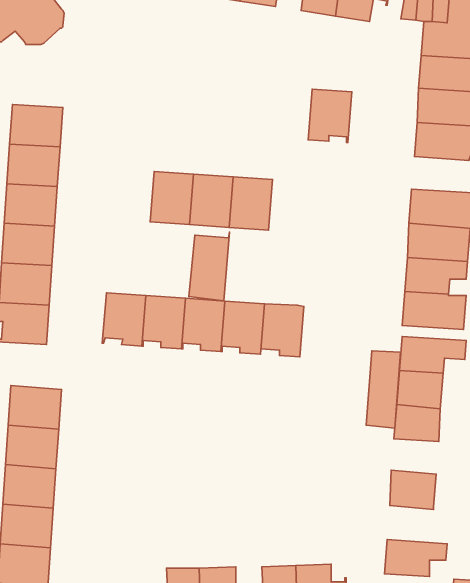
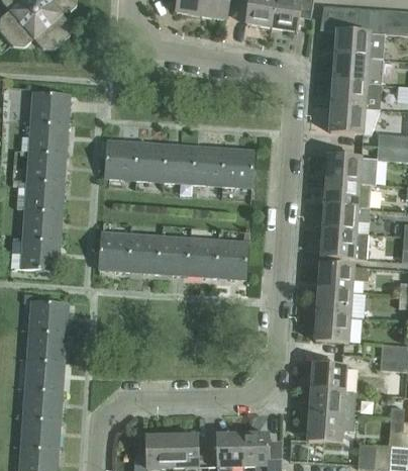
building: [308,89,352,142] -> [221,148,253,187]
building: none -> [104,139,136,179]
building: [189,232,229,301] -> none
building: [366,351,401,428] -> none
building: none -> [309,389,355,417]

